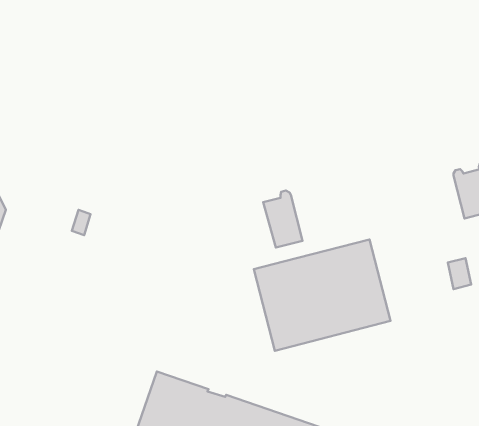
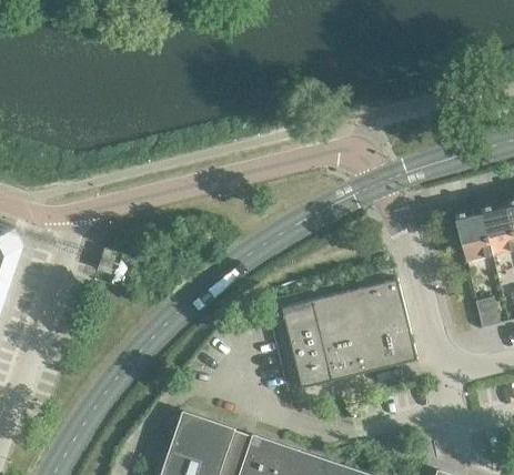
building: none -> [454,212,491,263]
building: [263,191,303,248] -> none

